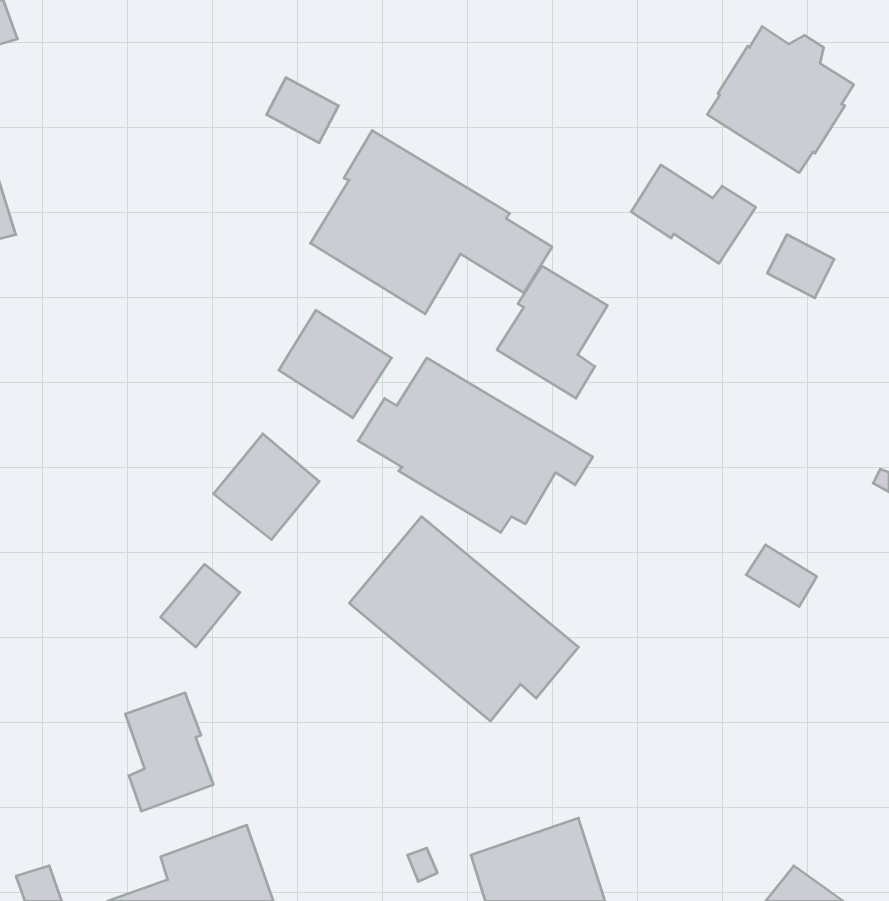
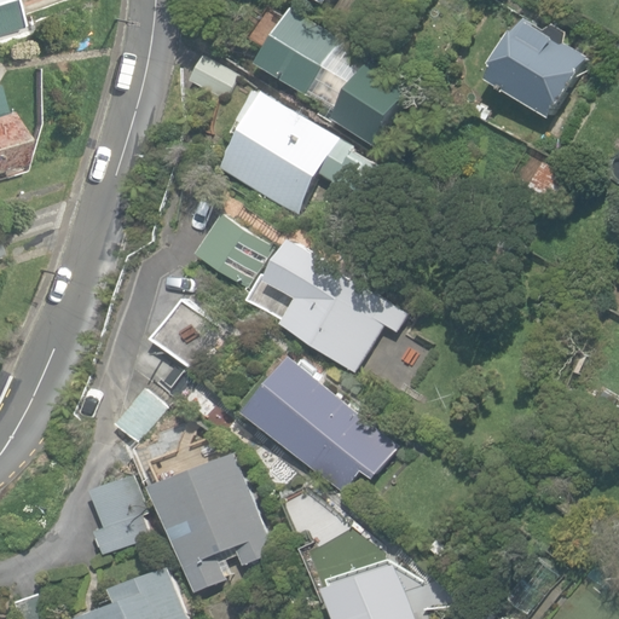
building: none -> [258,7,411,145]
building: [631,165,756,263] -> none
building: [497,266,607,398] -> none
building: none -> [149,453,273,594]

